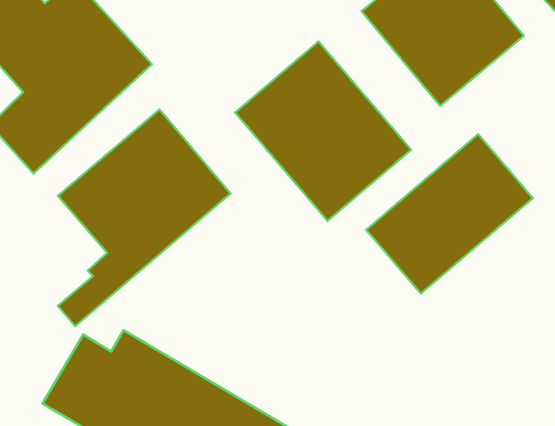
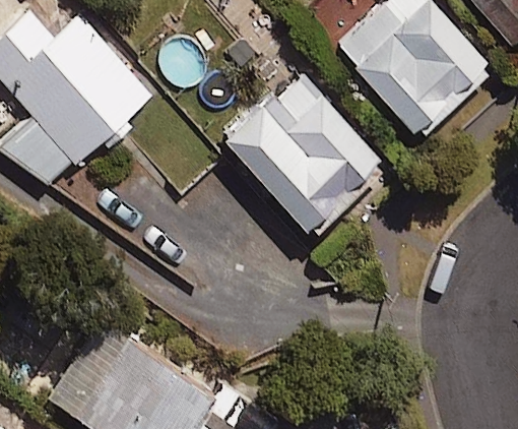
building: [58,110,230,326] -> none
building: [366,134,533,294] -> none

